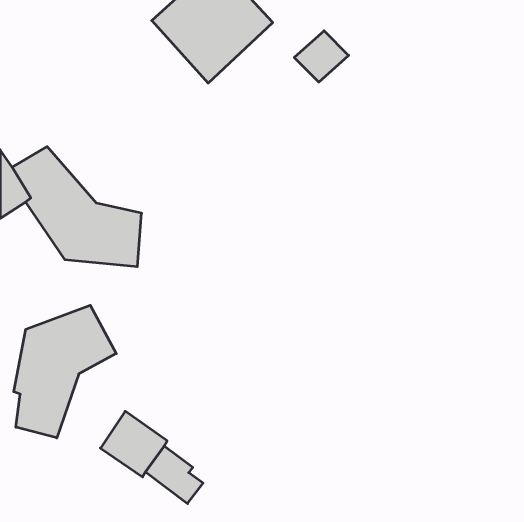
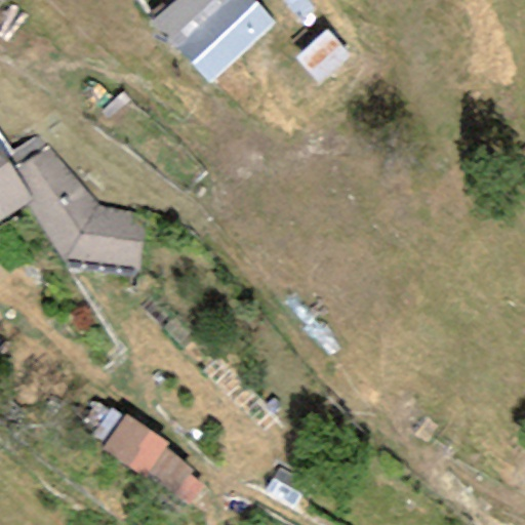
building: [14,305,116,438] -> none

